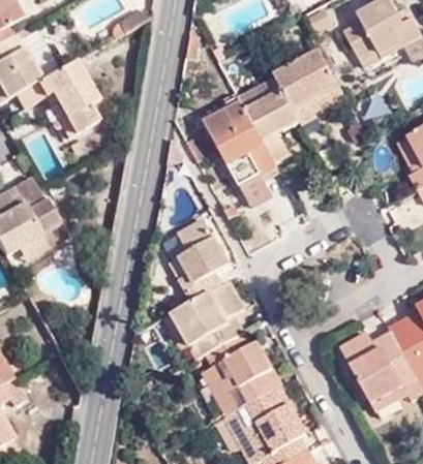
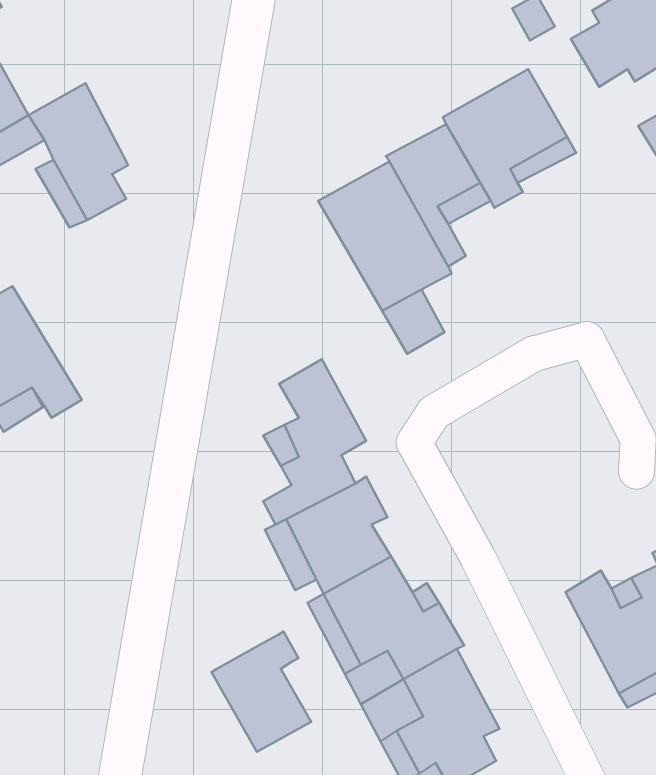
building: none -> [212,632,311,752]

